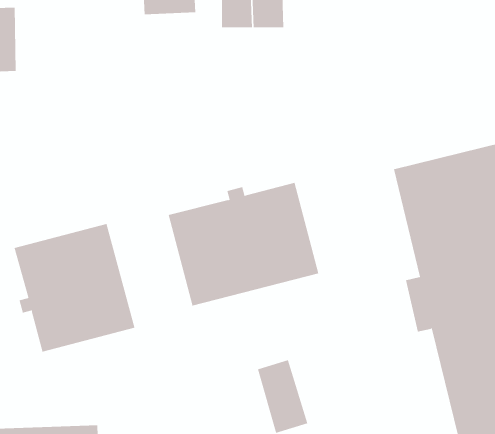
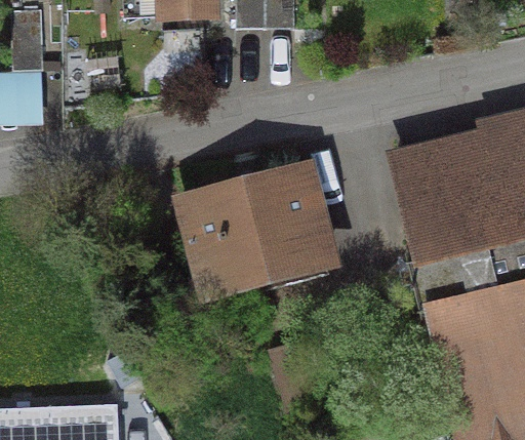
building: [14,223,135,353] -> none

